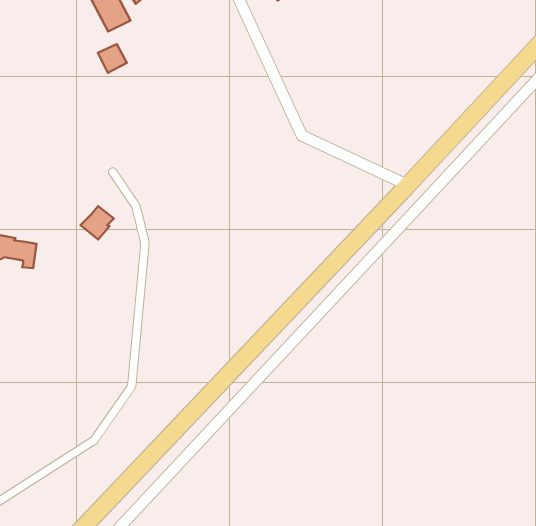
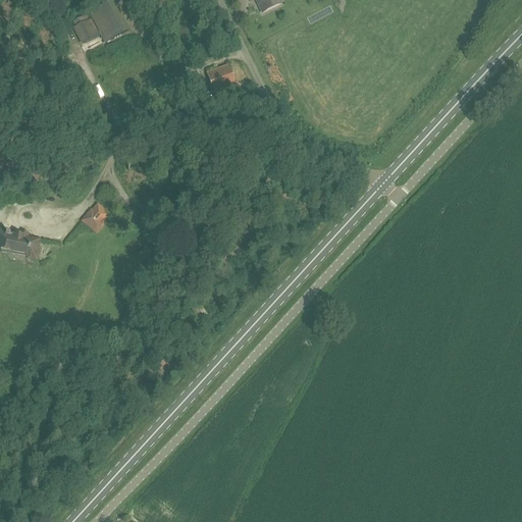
building: [98,44,127,73] -> [72,17,99,44]
building: none -> [206,63,236,92]

